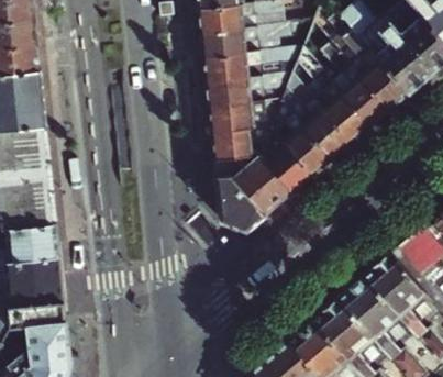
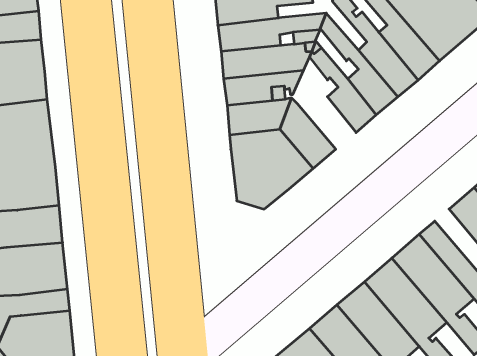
building: [273,102,331,175] -> none

